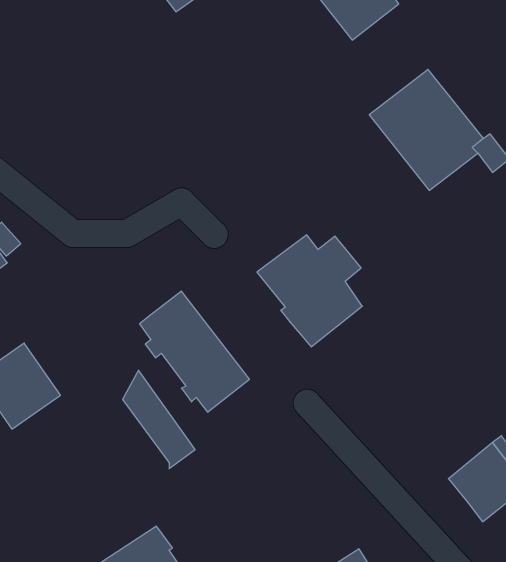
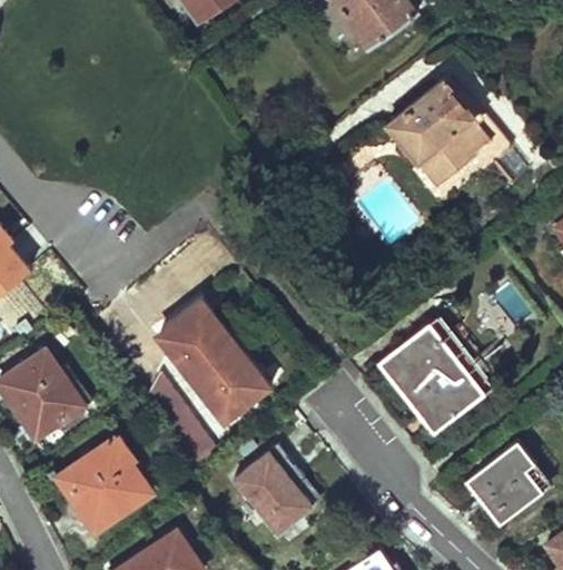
building: [257,235,362,347] -> [379,324,483,434]
building: none -> [65,436,152,531]
building: none -> [233,449,308,534]

